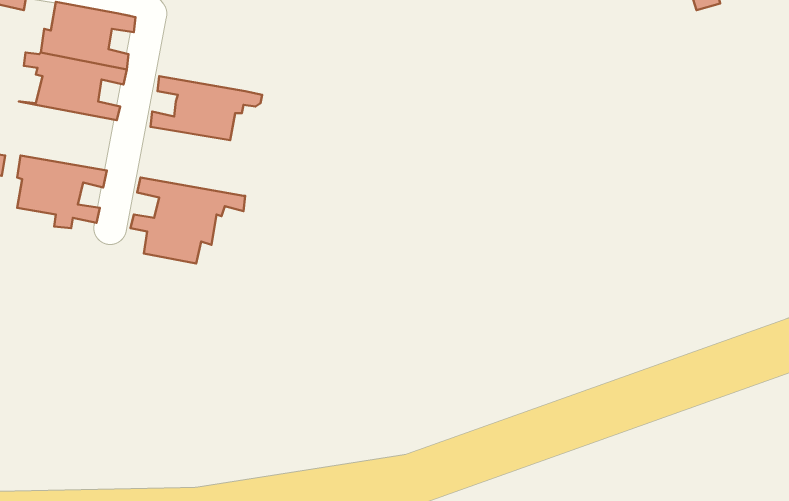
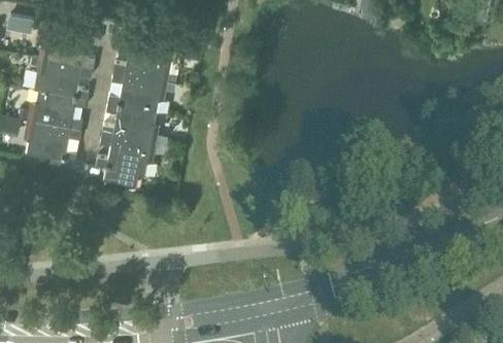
building: none -> [112,41,171,82]
building: none -> [28,91,87,131]
building: none -> [101,104,166,146]

